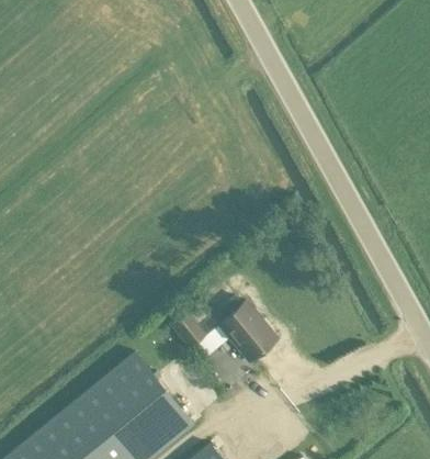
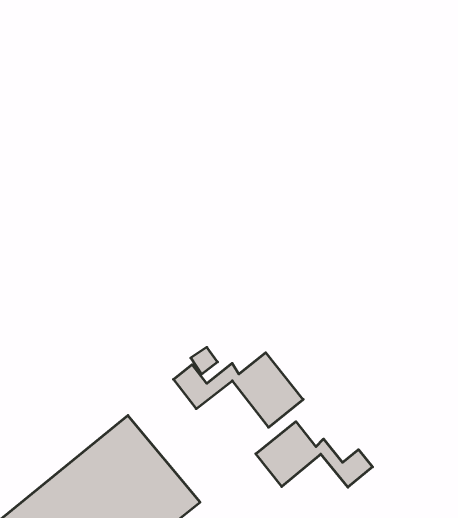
building: none -> [256,422,373,487]

